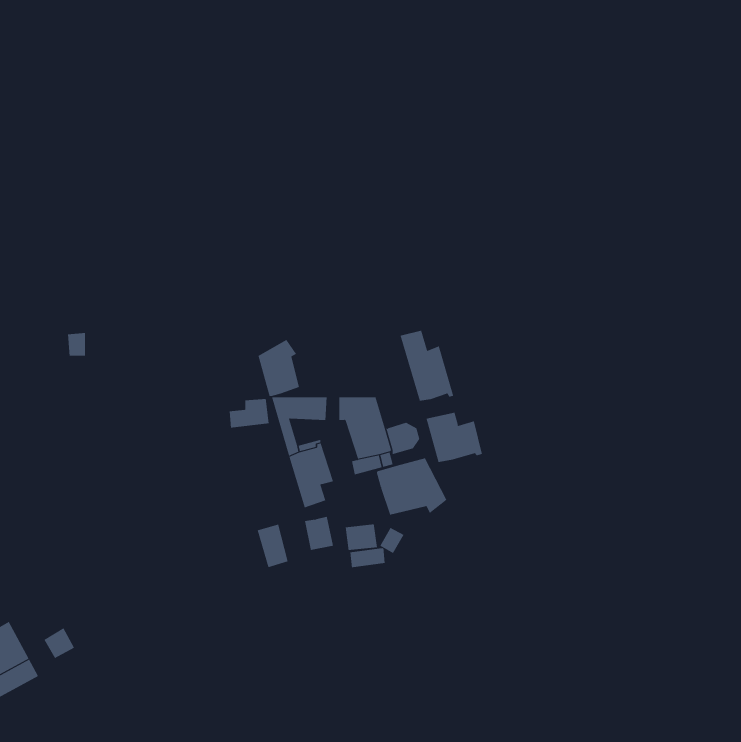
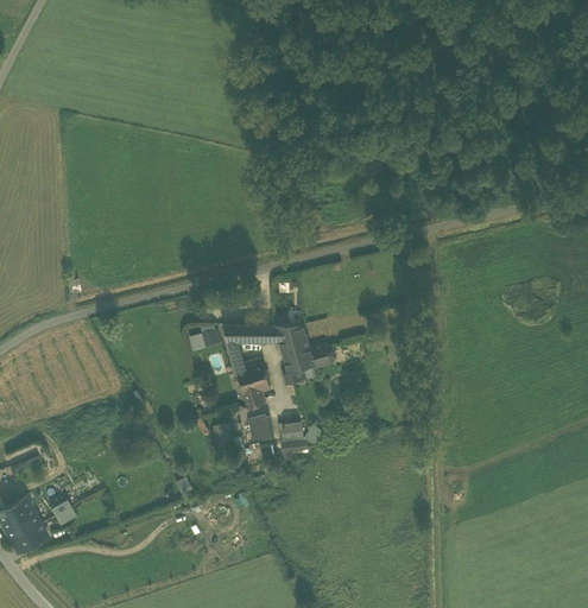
building: [400,330,454,401] -> none
building: [258,339,300,397] -> none
building: [426,412,483,463] -> none
building: [376,458,447,515] -> none

